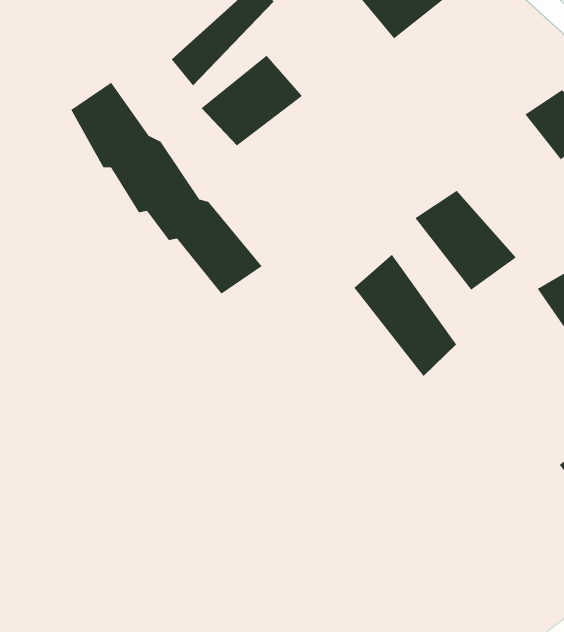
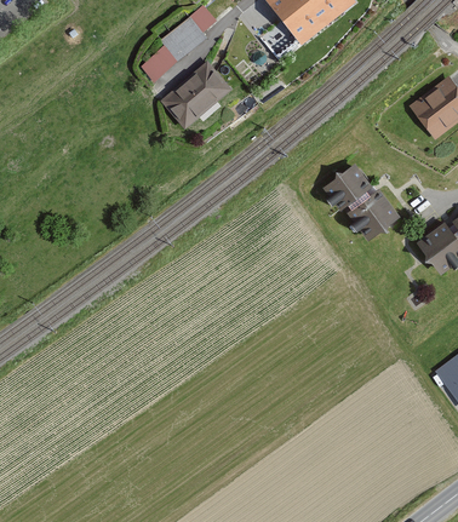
building: [70,82,262,294] -> none
building: [353,254,457,377] -> none

